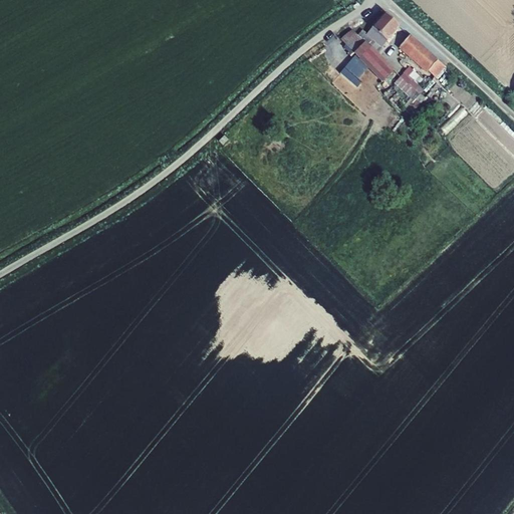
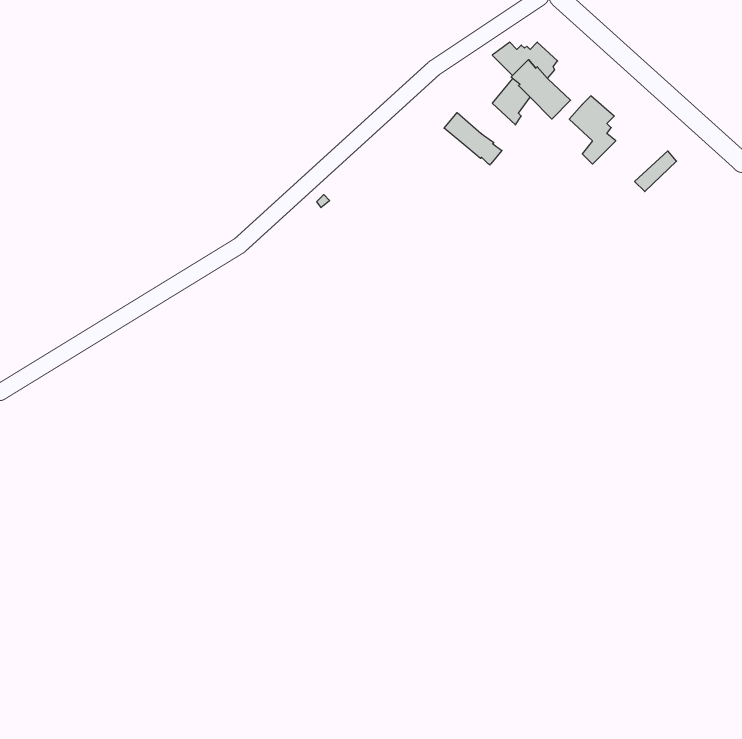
building: [371,13,401,42] -> none
building: [399,34,446,76] -> none
building: none -> [444,113,502,165]

